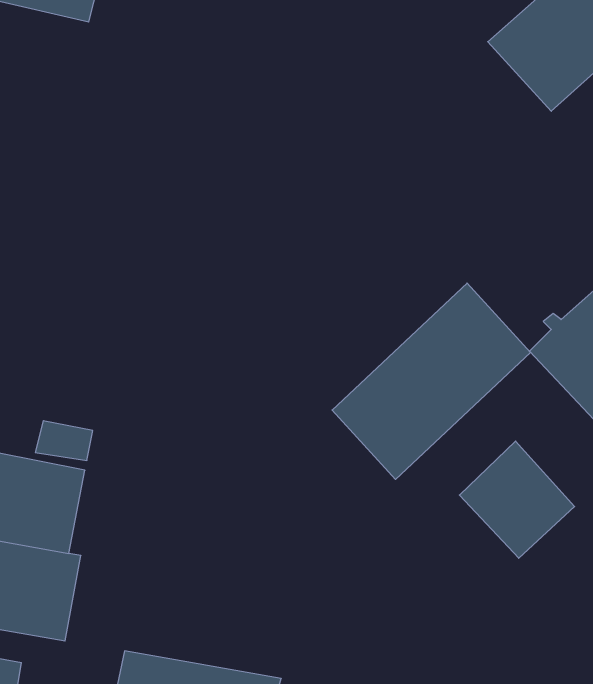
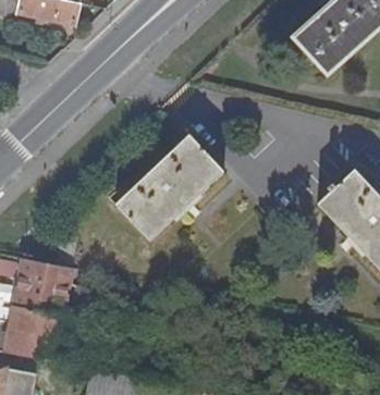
building: [332,283,531,479] -> [113,134,222,242]
building: [459,441,575,558] -> none

